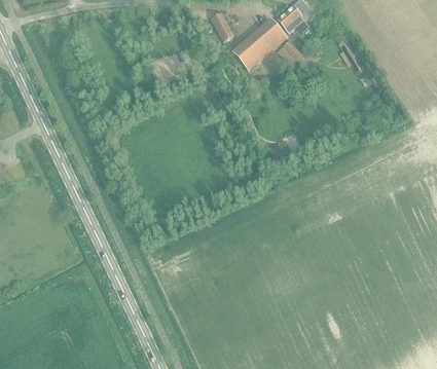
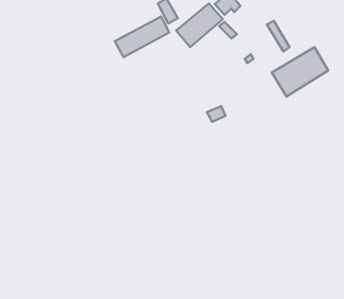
building: none -> [115,16,169,57]
building: none -> [272,47,328,96]

